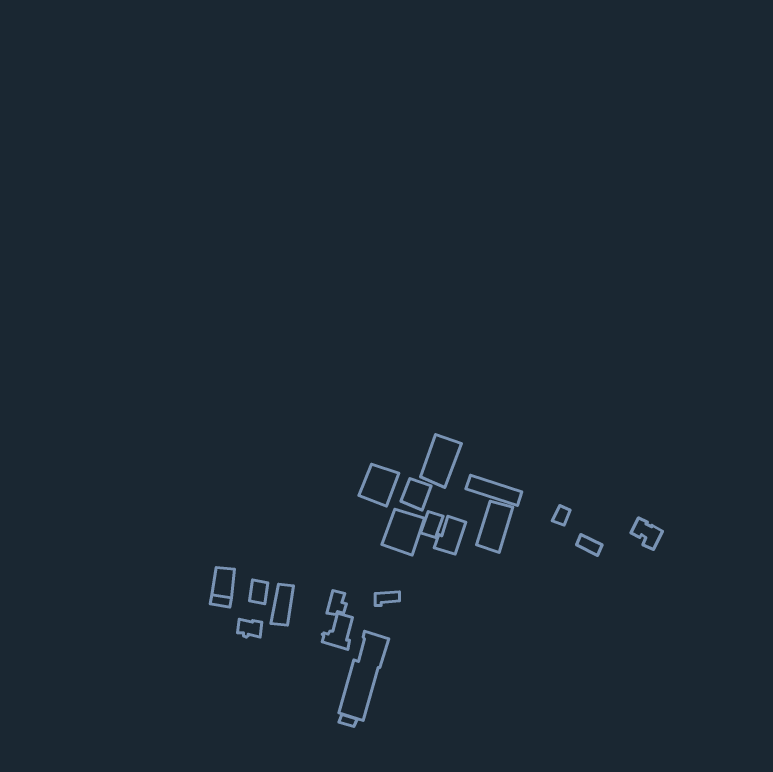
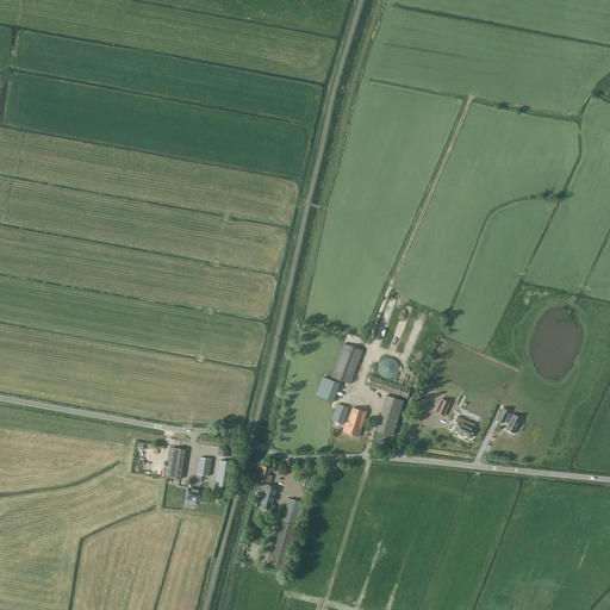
building: [359,464,399,506] -> none
building: [382,509,425,555] -> none

